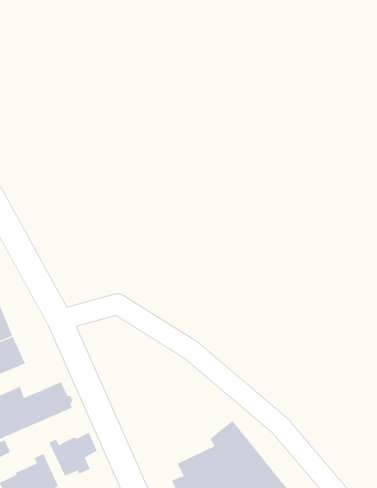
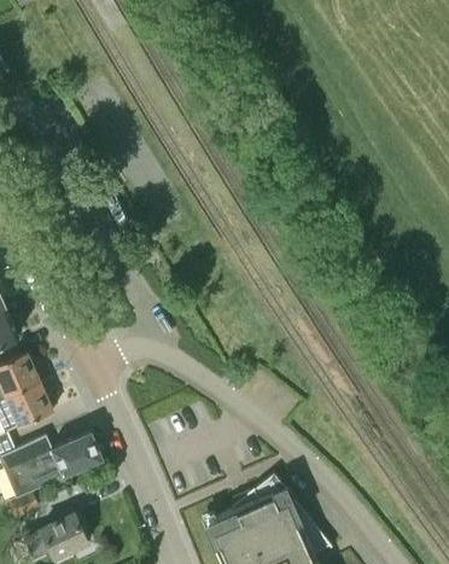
building: [49,432,98,477] -> none

